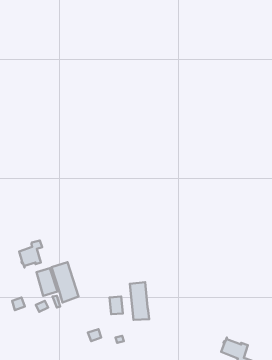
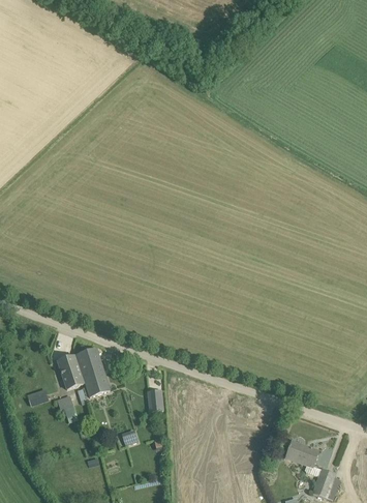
building: [19,240,42,268] -> none
building: [130,282,149,320] -> none

